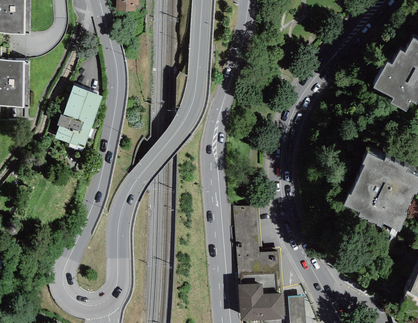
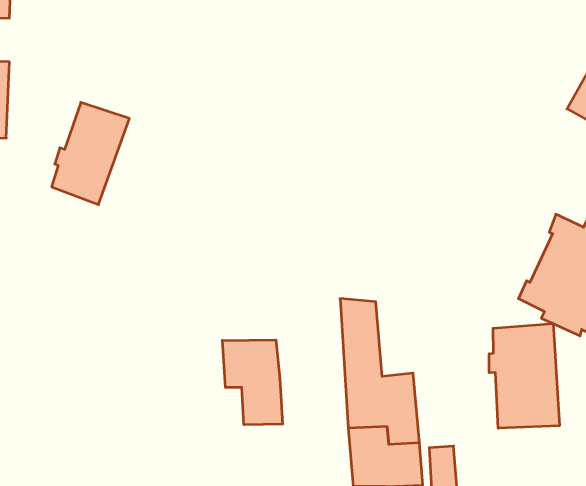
building: none -> [489,323,559,428]
building: none -> [222,340,283,425]

